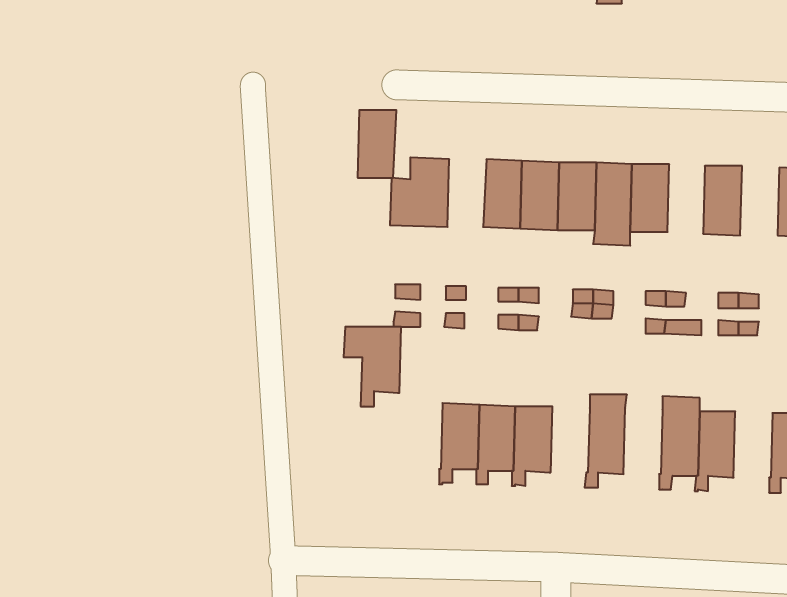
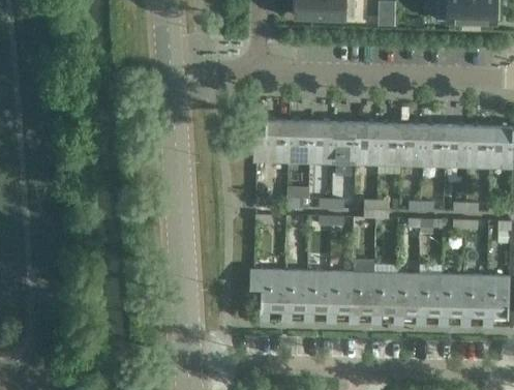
building: [358,110,396,178] -> [288,121,311,162]
building: none -> [422,124,445,167]
building: none -> [466,125,490,168]
building: [344,327,401,406] -> [249,270,284,319]
building: none -> [350,272,374,321]
building: none -> [394,273,419,323]
building: none -> [461,275,486,324]

